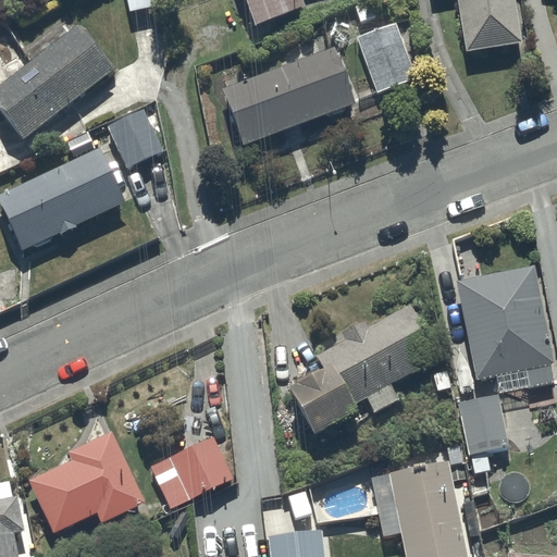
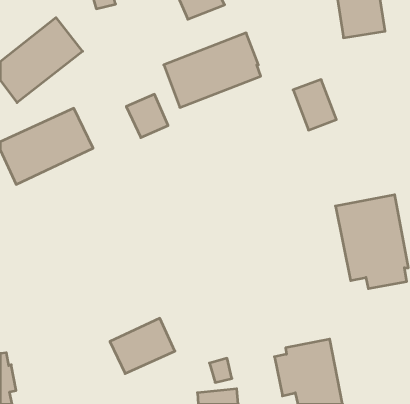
building: [357,21,416,89] -> [293,80,336,130]
building: [107,108,163,166] -> [126,94,168,138]
building: [288,300,445,437] -> none
building: [457,392,509,454] -> none
building: [28,431,145,533] -> none

